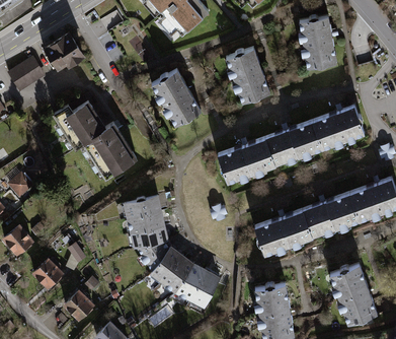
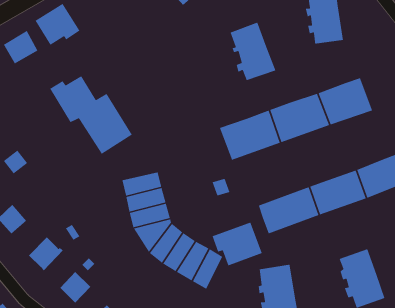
building: [150,70,202,129] -> none
building: none -> [212,221,263,266]

